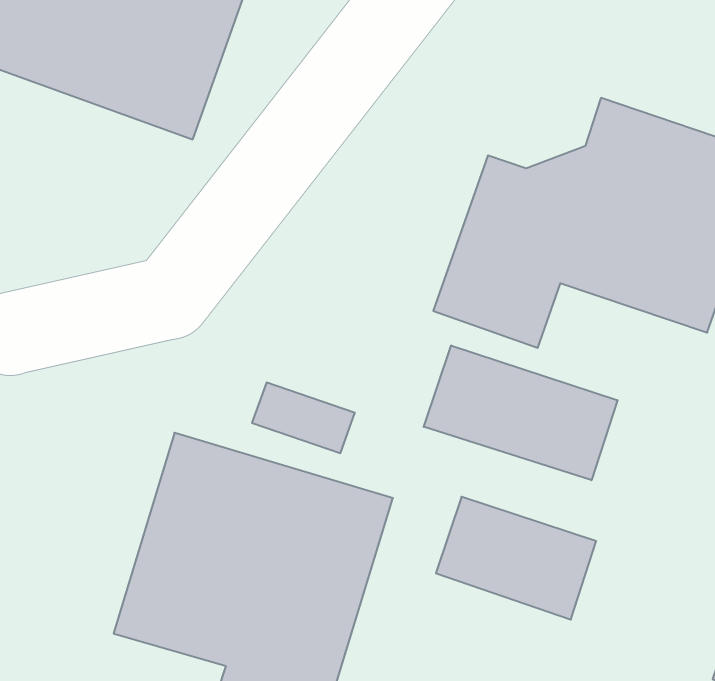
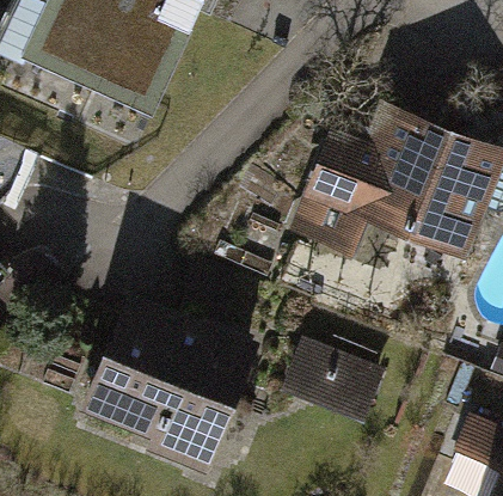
building: [424,345,617,480] -> none

